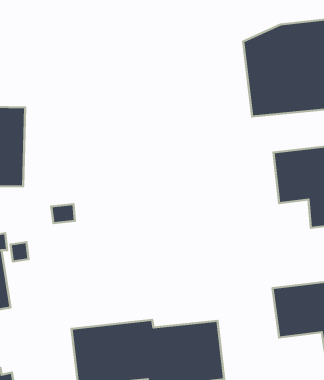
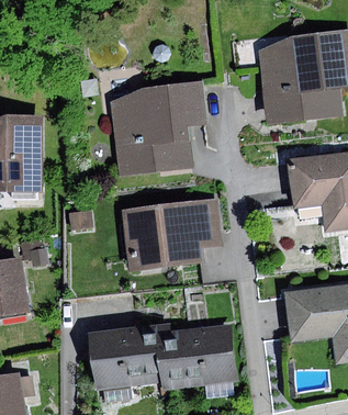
building: none -> [110,81,206,176]
building: none -> [122,200,221,273]

